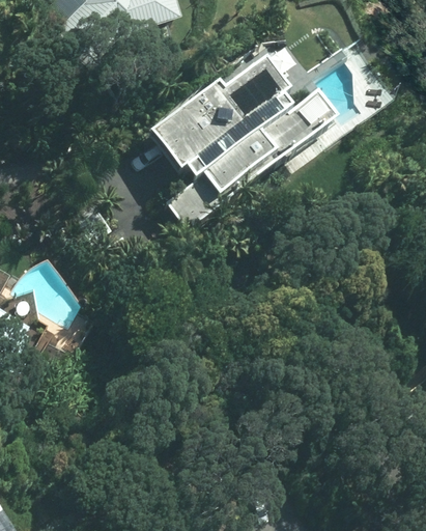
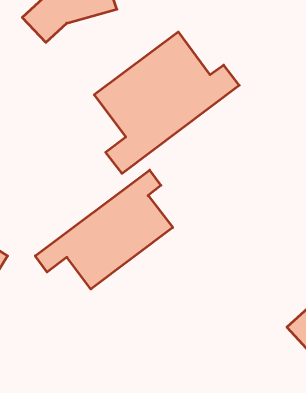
building: none -> [35,170,173,289]

